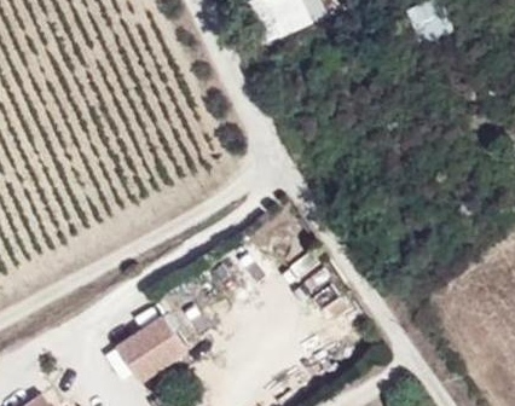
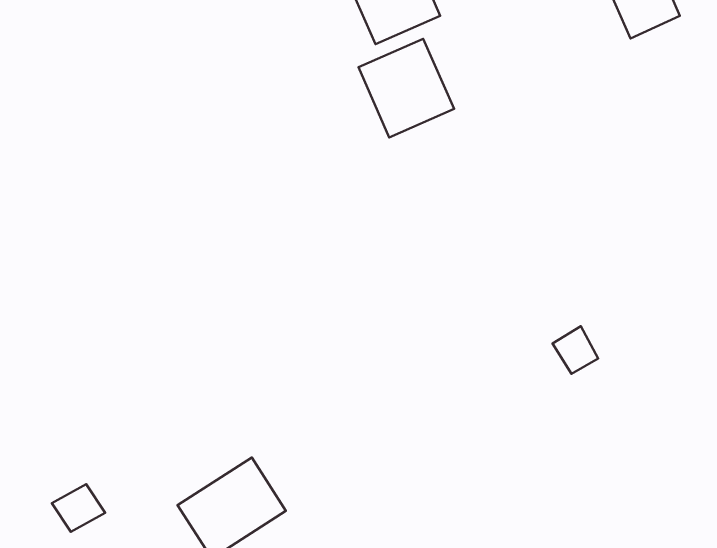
building: none -> [358,39,454,137]

